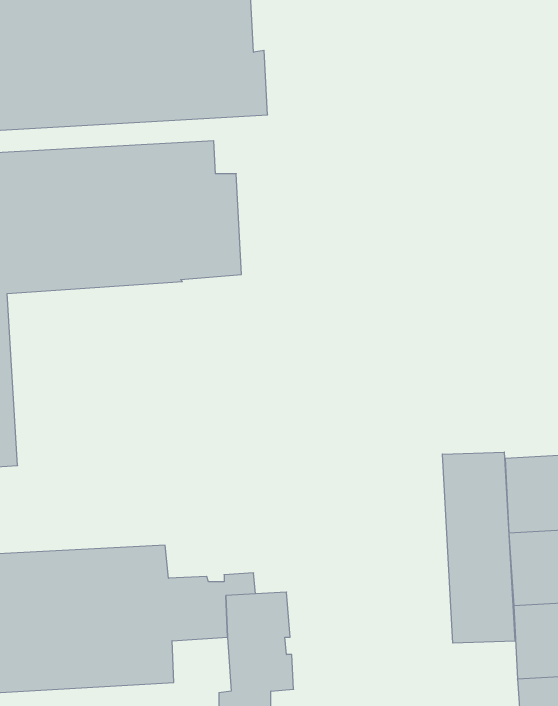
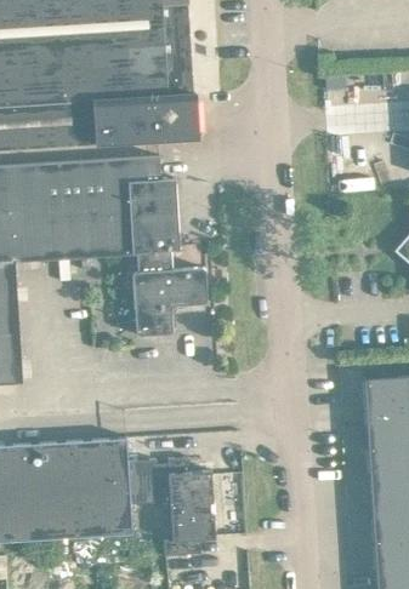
building: none -> [131,267,206,334]
building: [442,452,515,643] -> none

